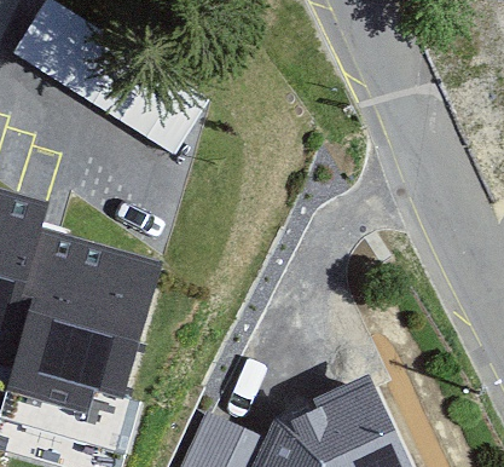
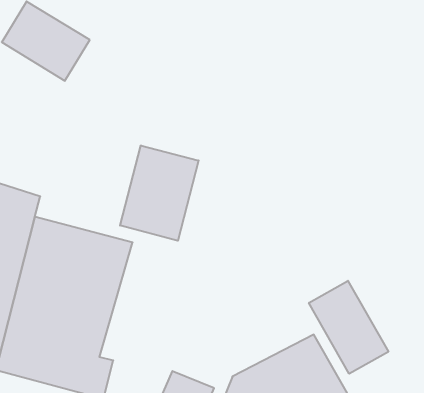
building: none -> [120,145,199,241]
building: none -> [309,281,388,374]

